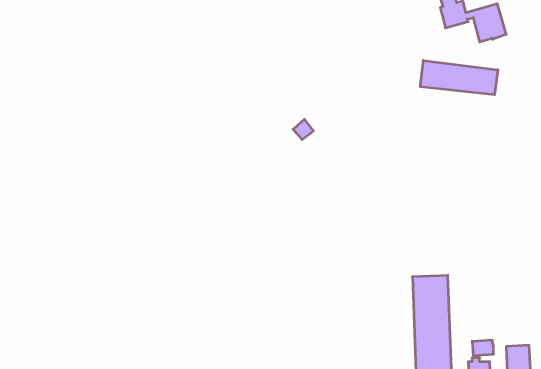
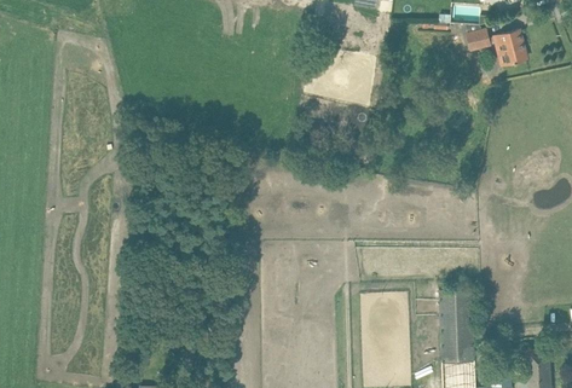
building: [420,60,498,95] -> none

